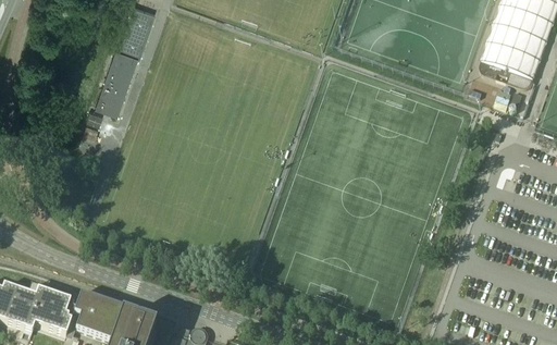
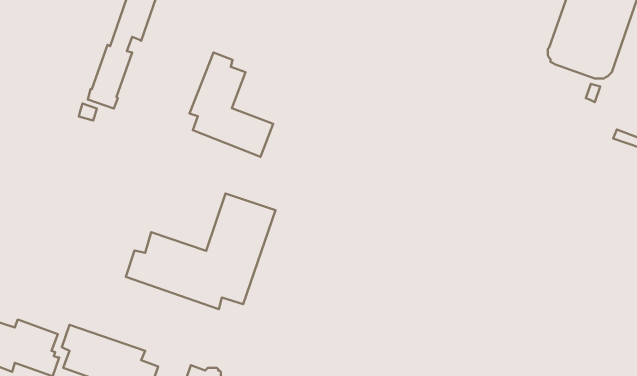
building: none -> [189,52,273,157]
building: none -> [126,194,276,309]

